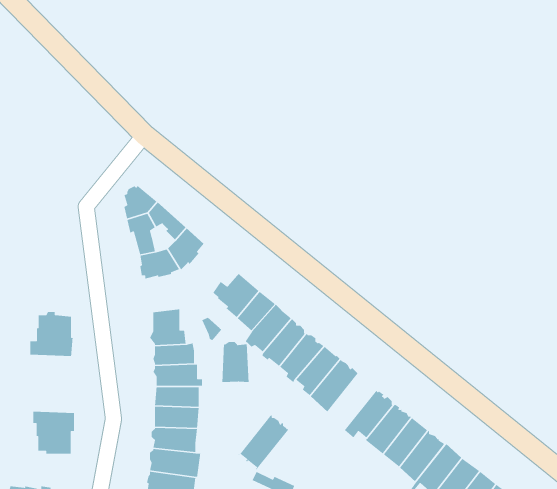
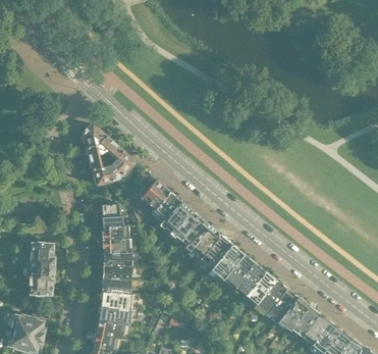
building: [30,311,73,357] -> [28,241,55,269]
building: [222,341,250,383] -> none
building: [237,414,289,471] -> [211,245,244,281]

